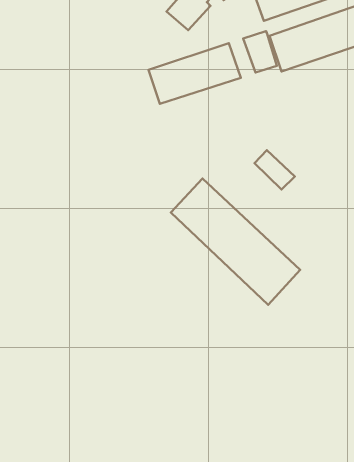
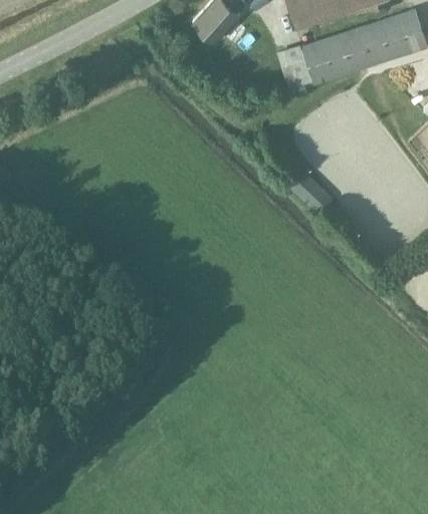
building: [149,43,241,104] -> none
building: [171,179,300,305] -> none

